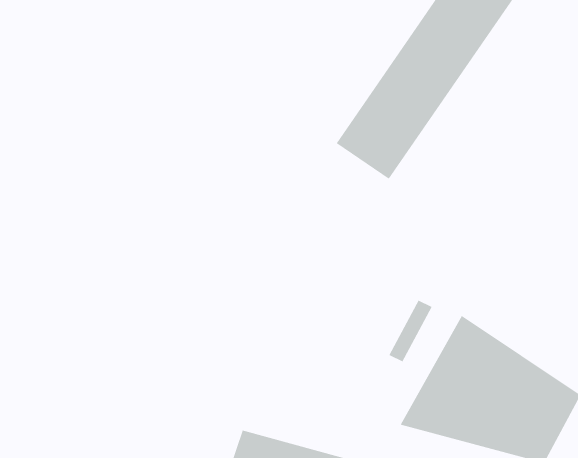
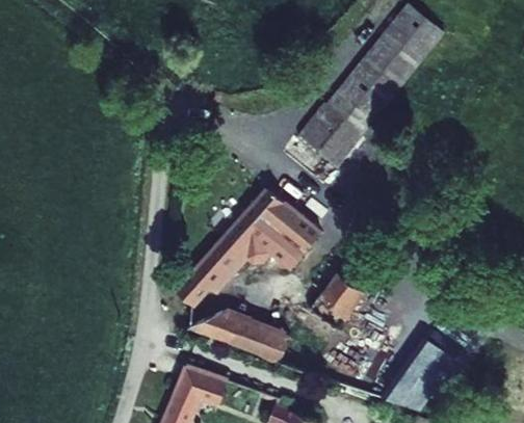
building: none -> [178,191,321,312]
building: none -> [188,309,289,365]

